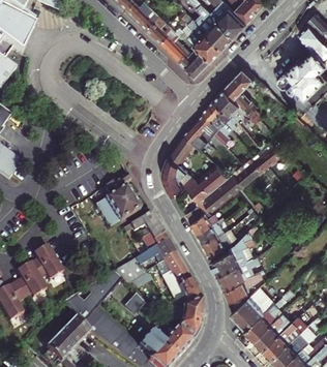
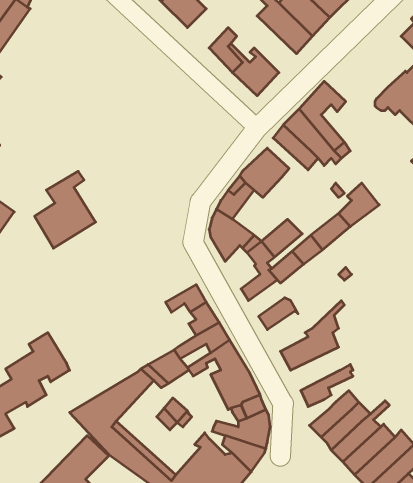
building: [144,16,173,43] -> none
building: [185,19,221,61] -> none
building: [199,108,230,146] -> none
building: [94,175,138,230] -> [35,171,96,248]
building: [187,210,222,235] -> none
building: [201,231,230,257] -> none
building: [217,256,254,287] -> none

